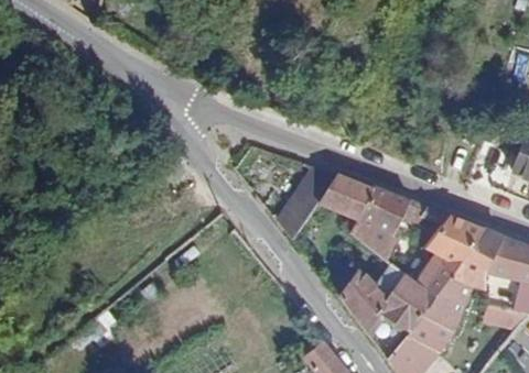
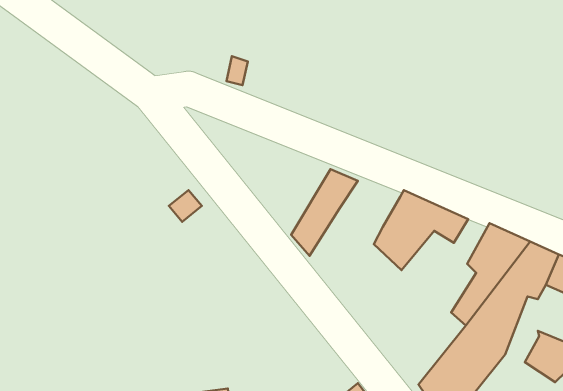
building: [320,177,370,216] -> none
building: [335,265,425,348] -> none

